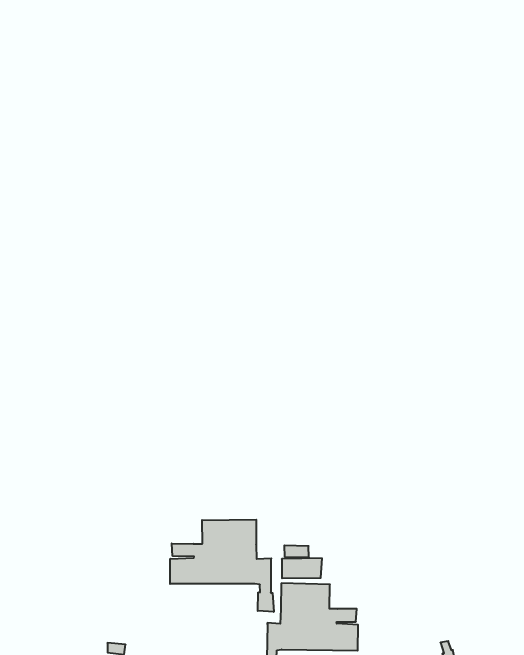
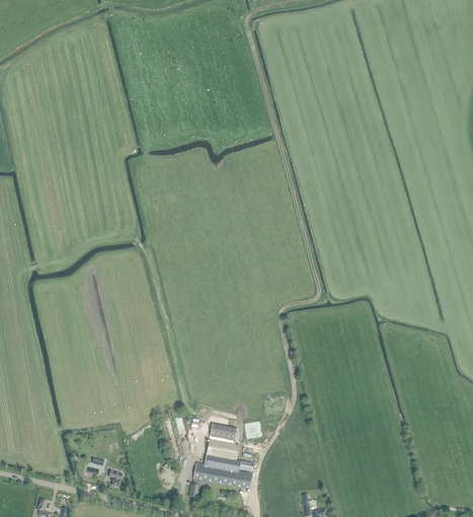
building: [170,520,274,612] -> none

